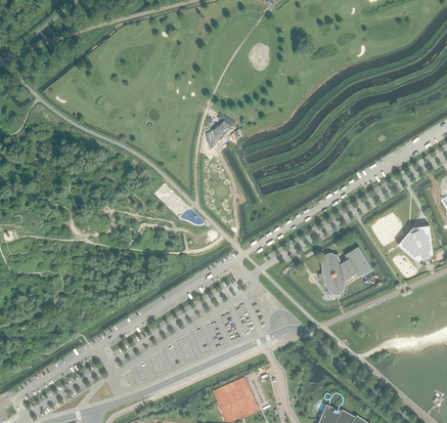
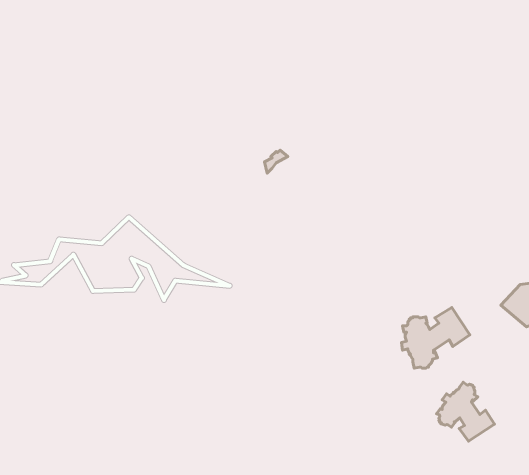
building: none -> [436,382,494,441]

